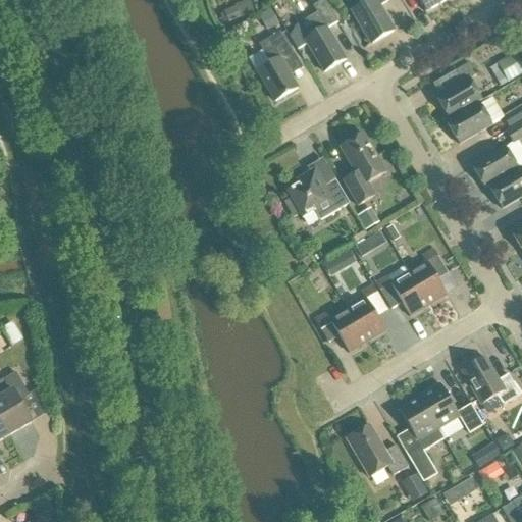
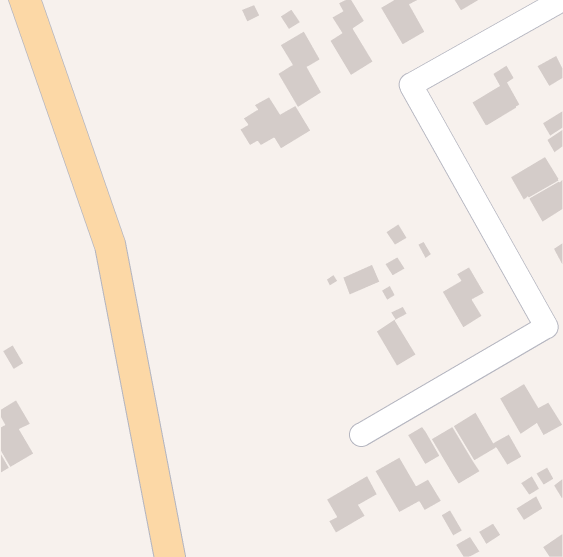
building: [447,100,491,142] -> none
building: [340,132,386,203] -> none
building: [283,169,350,218] -> [240,96,311,149]
building: [376,270,428,314] -> none
building: [315,307,367,351] -> none
building: none -> [326,475,378,534]
building: [407,445,437,480] -> [407,426,440,465]

